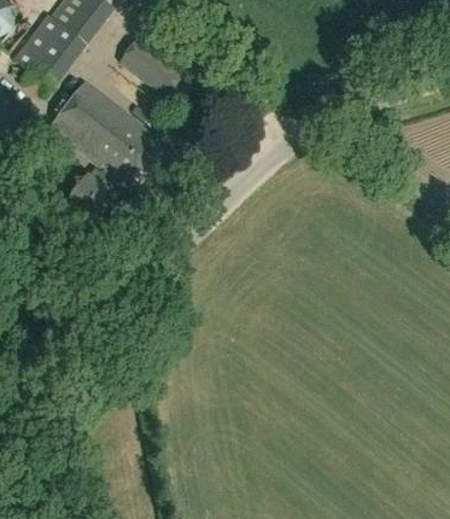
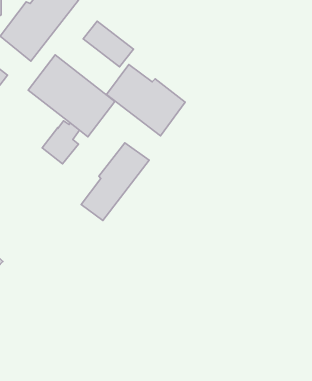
building: none -> [106,64,185,136]
building: none -> [81,143,149,220]

